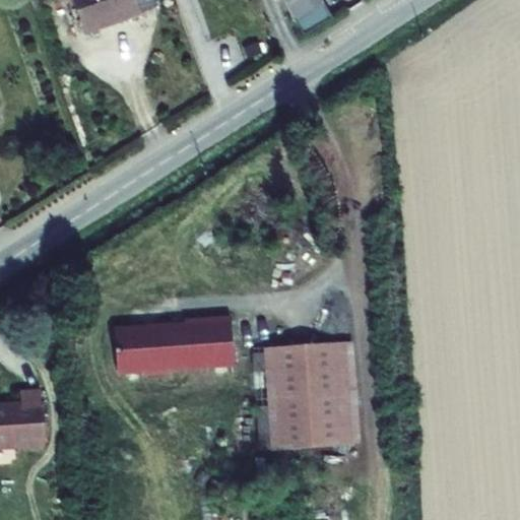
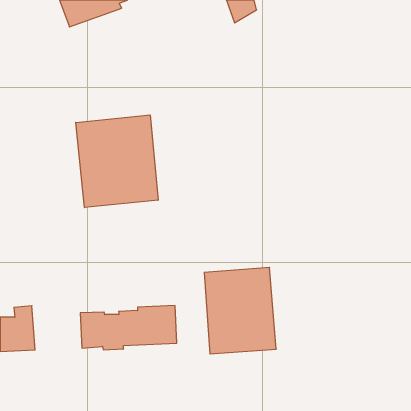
building: none -> [76,115,158,208]
building: [113,316,233,371] -> [80,306,177,350]

